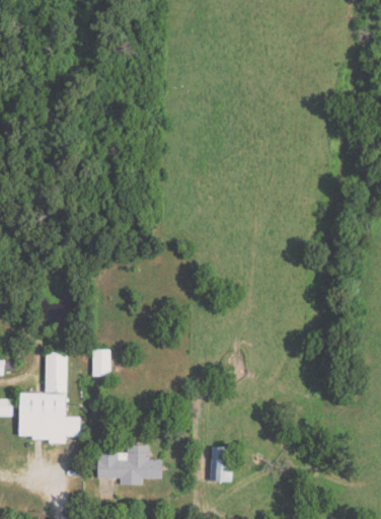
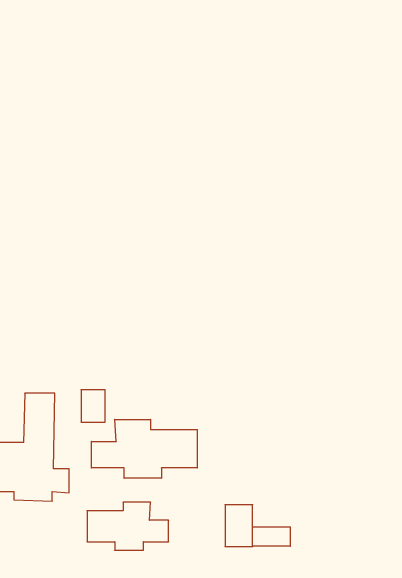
building: none -> [91,419,197,478]
building: none -> [253,527,290,546]

